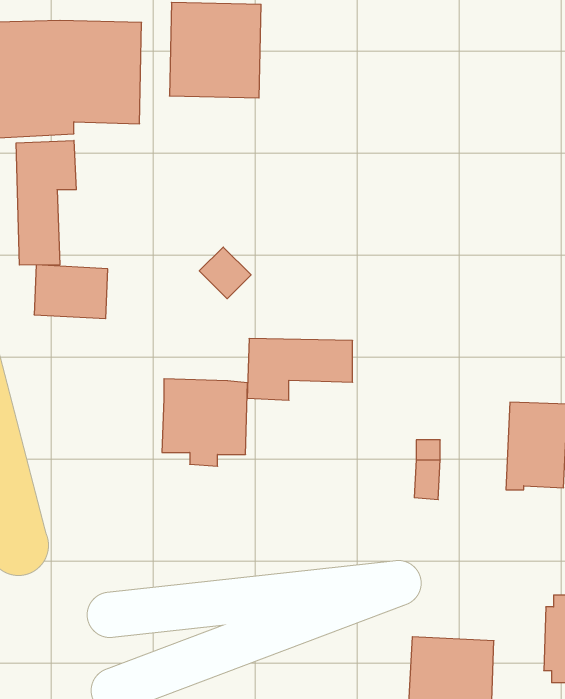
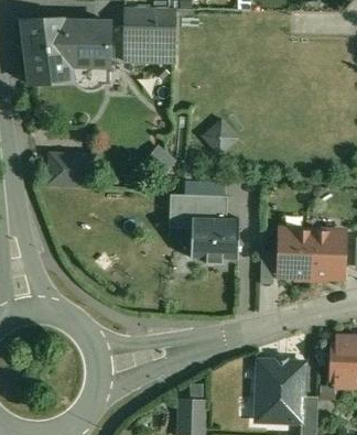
building: [16,140,76,265] -> none
building: none -> [198,118,232,152]
building: [162,379,248,466] -> [188,218,236,267]
building: none -> [278,229,312,279]

